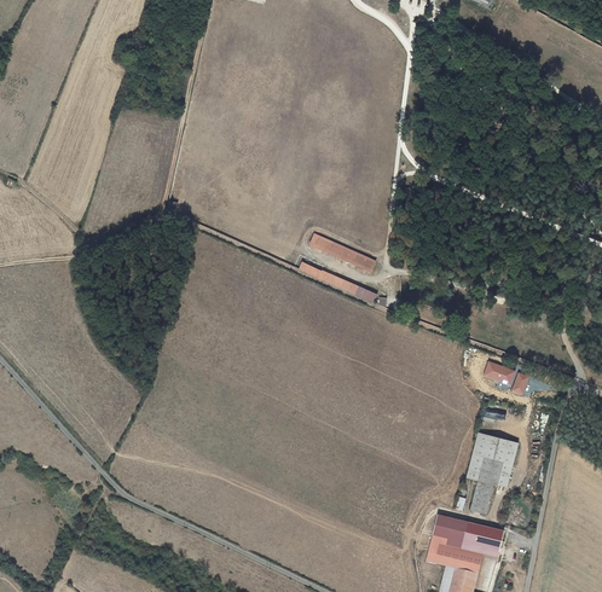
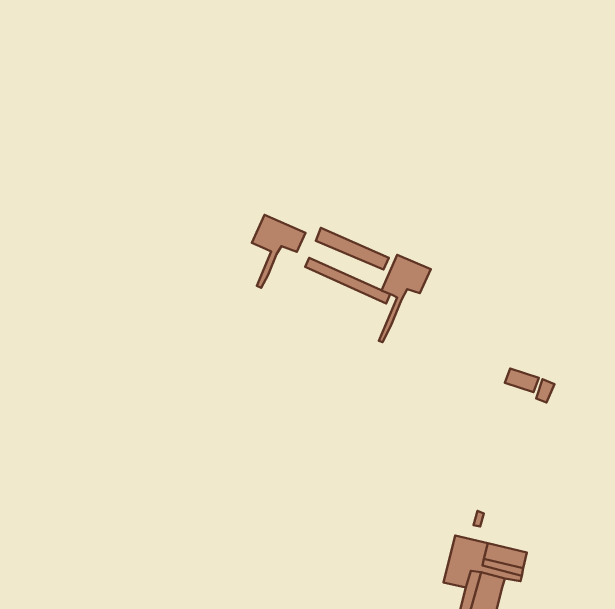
building: none -> [252,215,306,288]
building: none -> [379,255,431,342]
building: [468,434,519,513] -> none

